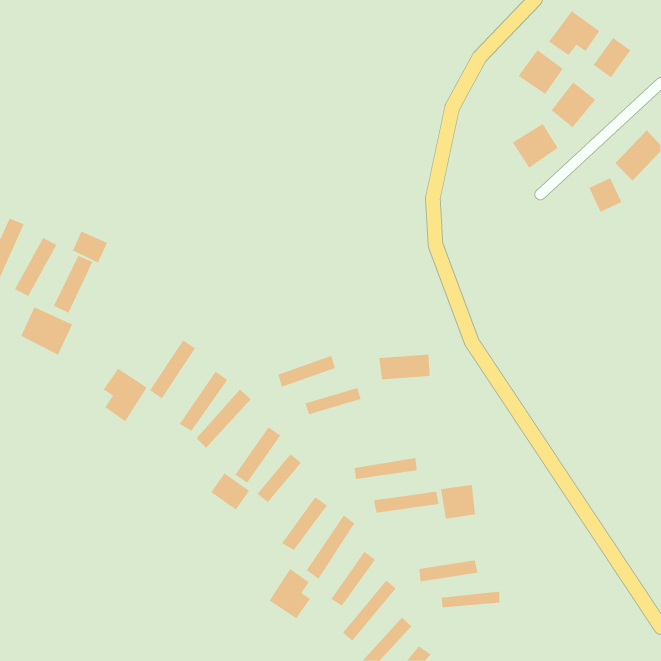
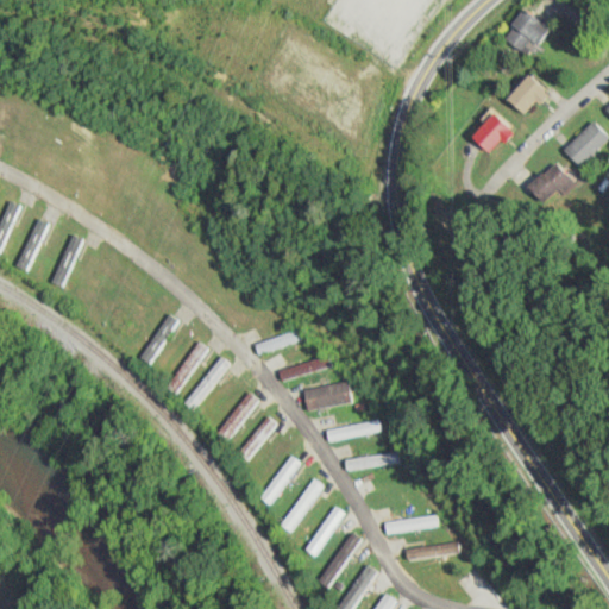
building: [593,37,631,78] -> none
building: [518,49,564,95] -> none
building: [72,231,108,263] -> none
building: [20,307,73,355] -> none
building: [379,354,430,380] -> [303,384,351,408]
building: [103,368,148,422] -> none
building: [210,473,250,510] -> none
building: [440,484,475,519] -> none
building: [269,568,311,619] -> none

